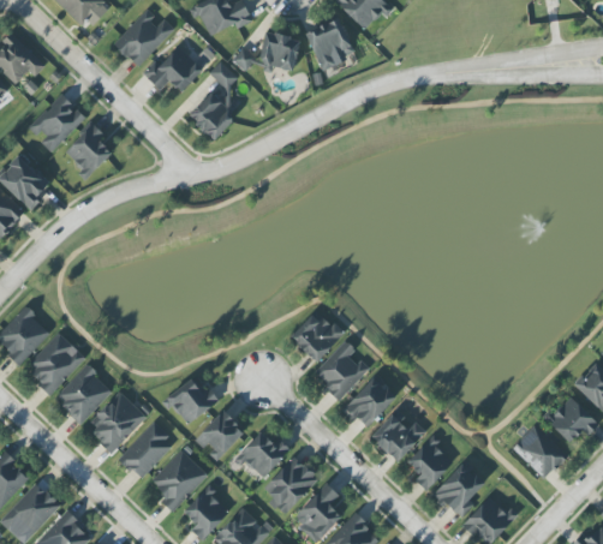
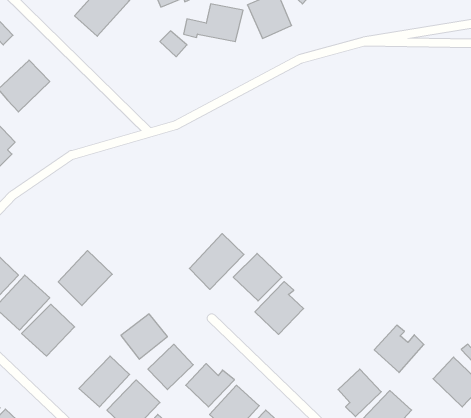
building: [144,43,203,91] -> none
building: [185,85,239,139] -> none
building: [62,121,111,177] -> none
building: none -> [189,234,244,289]
building: [341,375,398,426] -> none
building: [86,390,147,452] -> [58,251,112,306]
building: [370,410,425,462] -> [374,325,424,373]

